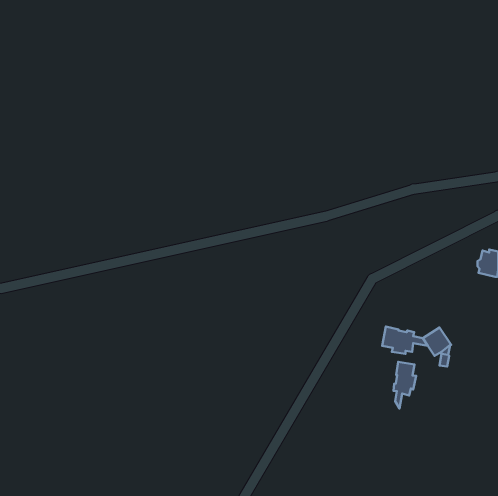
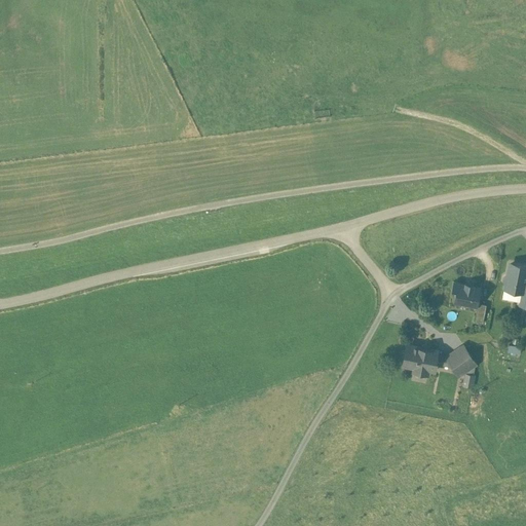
building: none -> [452,283,481,308]
building: [393,362,416,409] -> none

